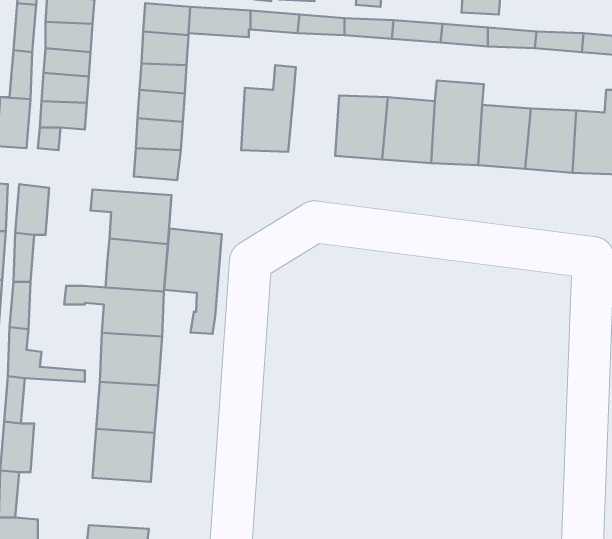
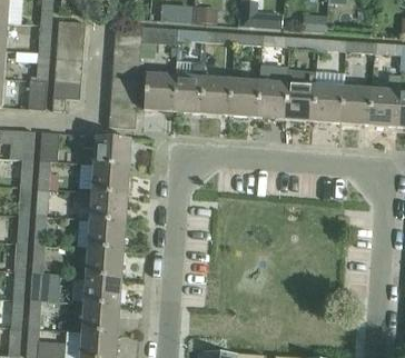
building: none -> [144,71,175,110]
building: none -> [200,76,230,113]
building: [164,229,222,334] -> none
building: none -> [82,304,119,334]

